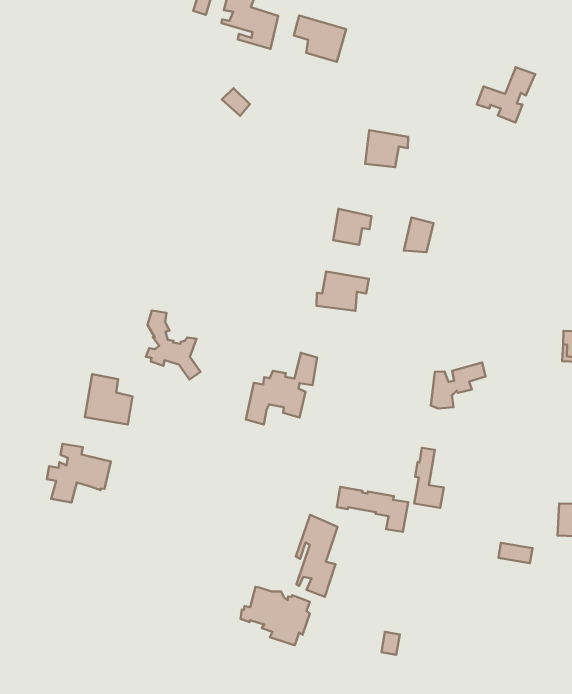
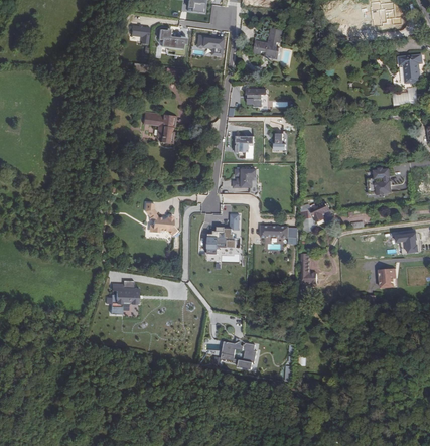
building: [477,67,535,122] -> [253,28,281,57]
building: none -> [142,111,175,143]
building: [85,374,133,425] -> none
building: [337,487,408,532] -> [260,226,297,244]
building: [296,515,337,597] -> none

